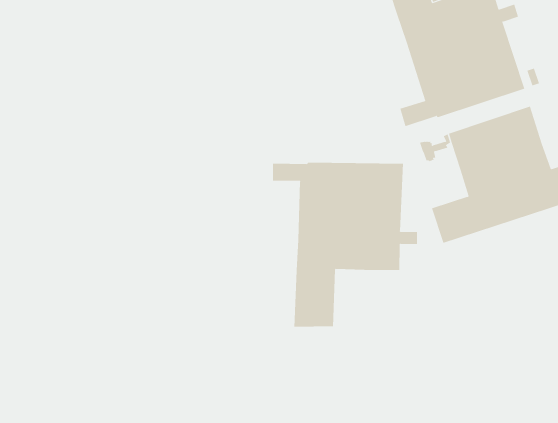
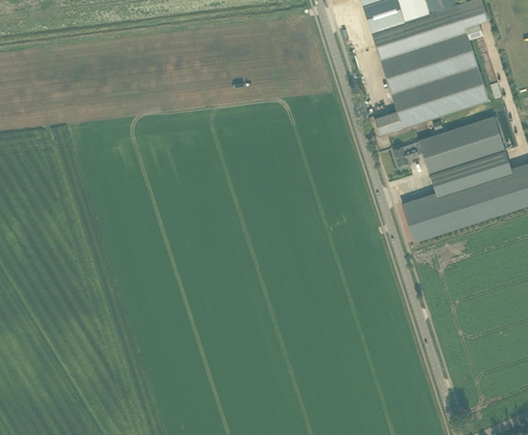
building: [272,162,418,328] -> none

